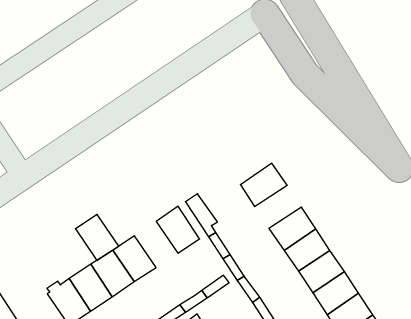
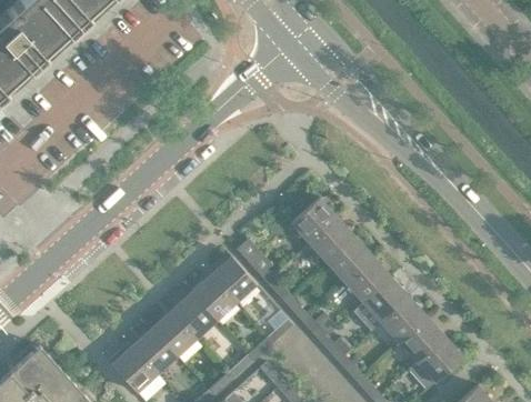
building: none -> [308,218,355,264]
building: [75,214,119,260] -> [190,274,237,321]

